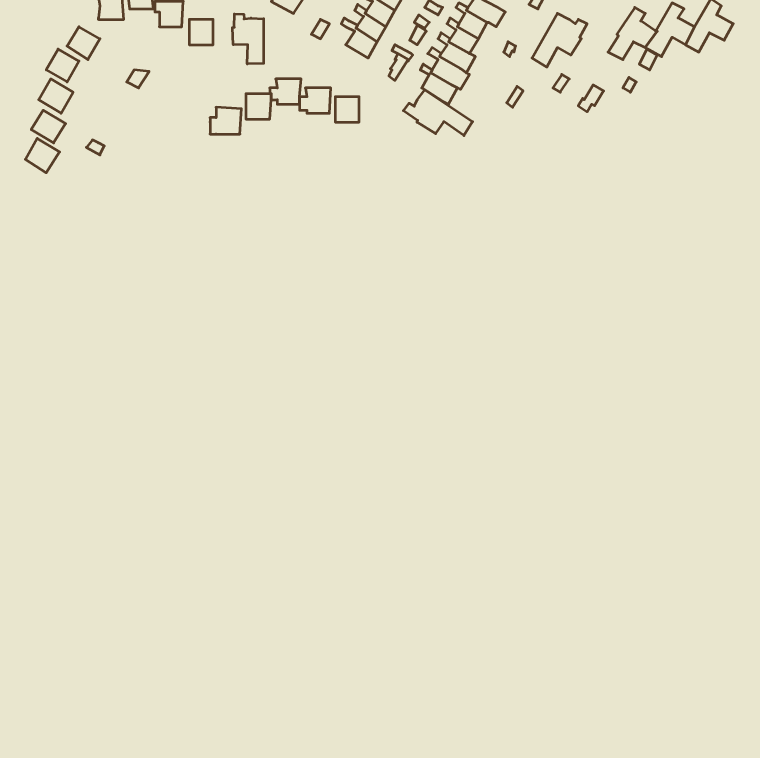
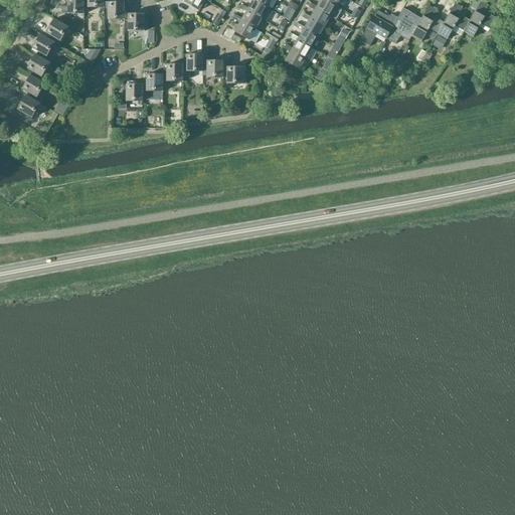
building: none -> [385,7,420,43]
building: [232,14,264,64] -> none
building: [403,90,473,136] -> none
building: none -> [117,79,142,108]

